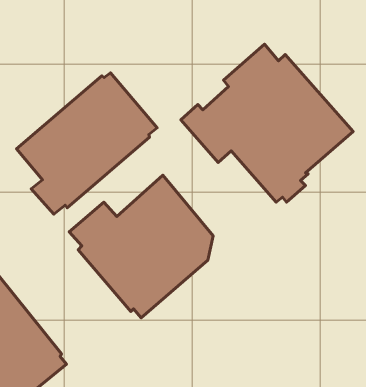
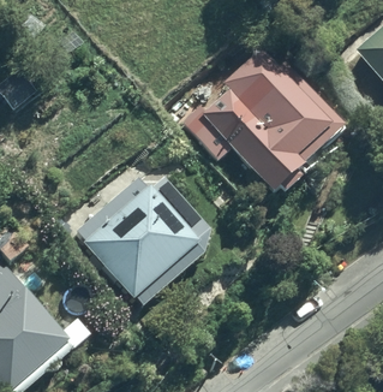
building: [16,73,157,214] -> none

